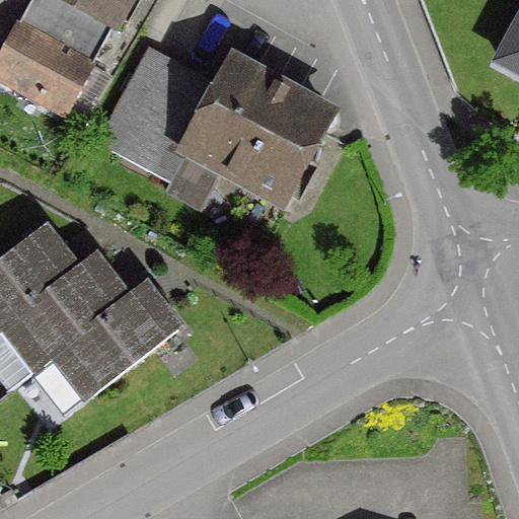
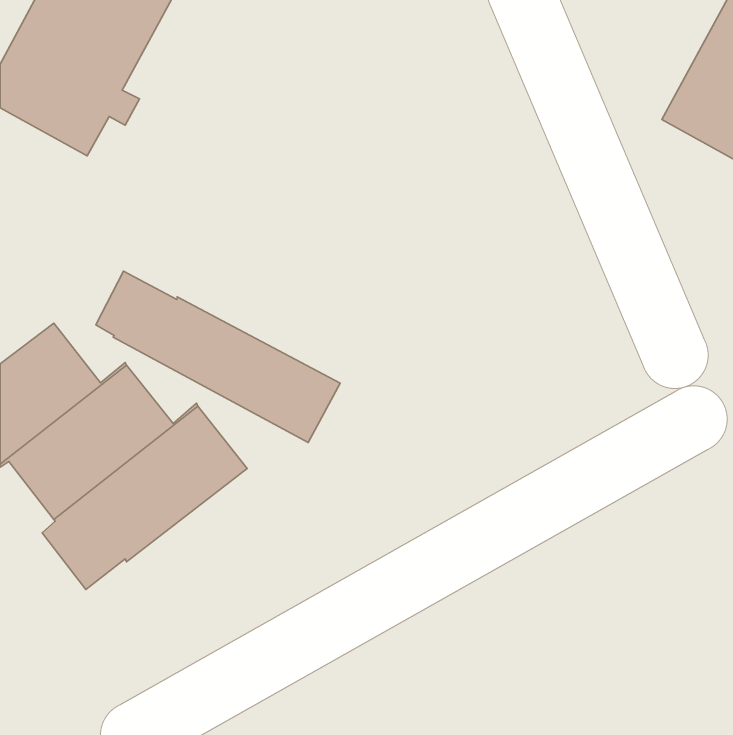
building: [102,49,332,200] -> none
building: none -> [96,271,340,442]

